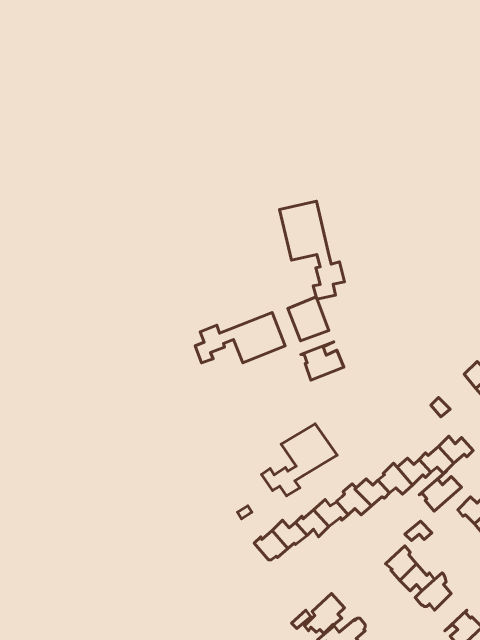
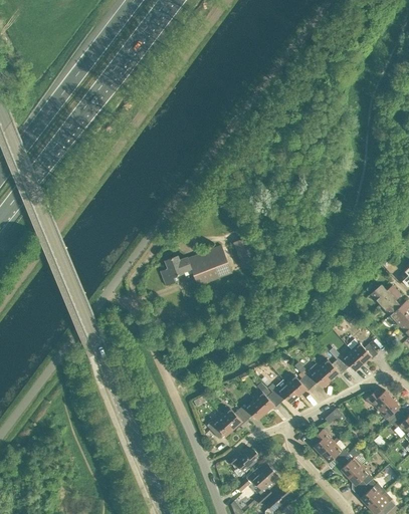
building: [279,201,344,299] -> none
building: [301,342,344,380] -> none
building: [261,424,337,496] -> none
building: [419,471,461,511] -> none
building: none -> [229,449,259,475]
building: none -> [349,464,374,493]

